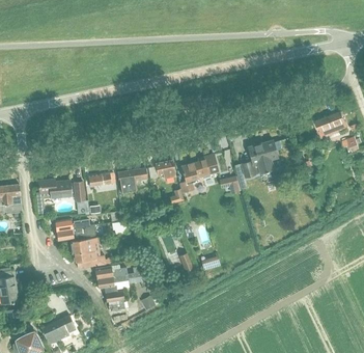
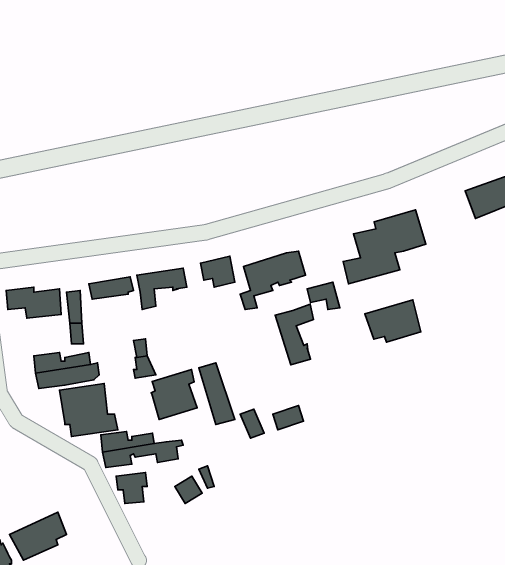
building: none -> [365,300,421,342]
building: none -> [275,304,313,365]
building: none -> [151,369,197,419]

